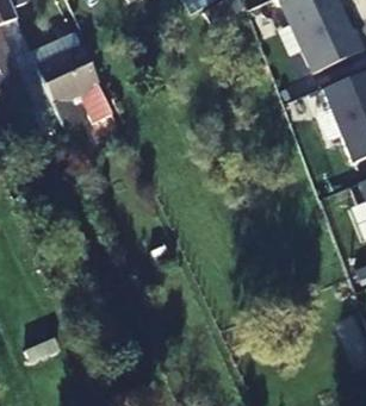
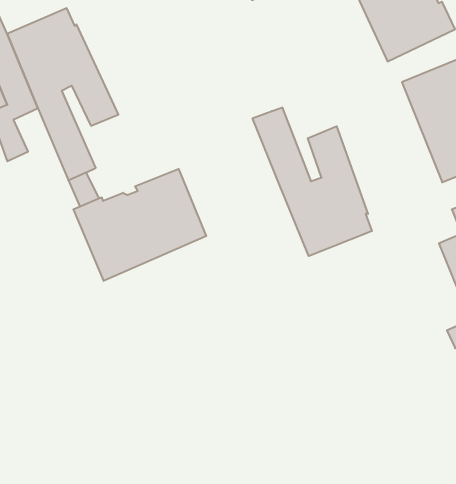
building: none -> [253,107,372,256]
building: none -> [73,169,206,281]

